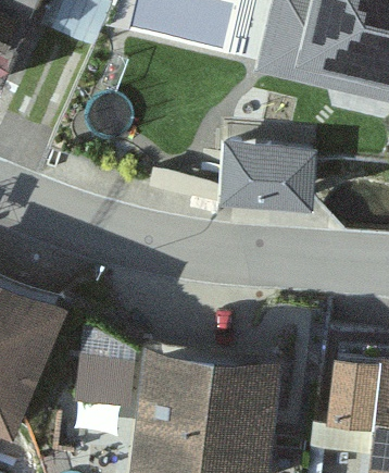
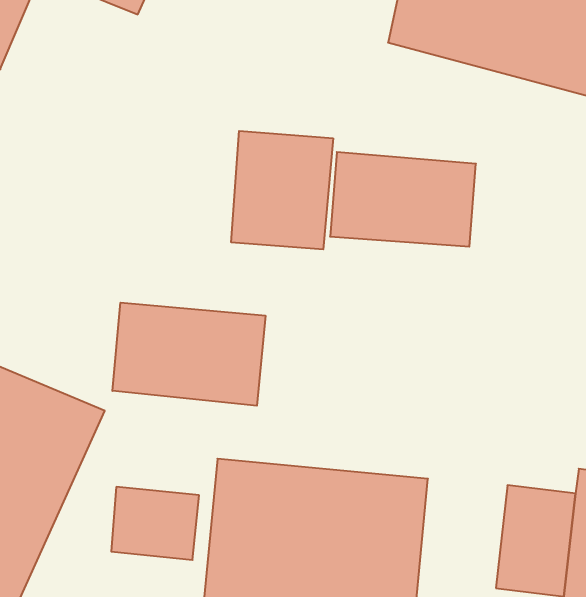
building: none -> [231,131,333,249]
building: none -> [112,303,265,406]

